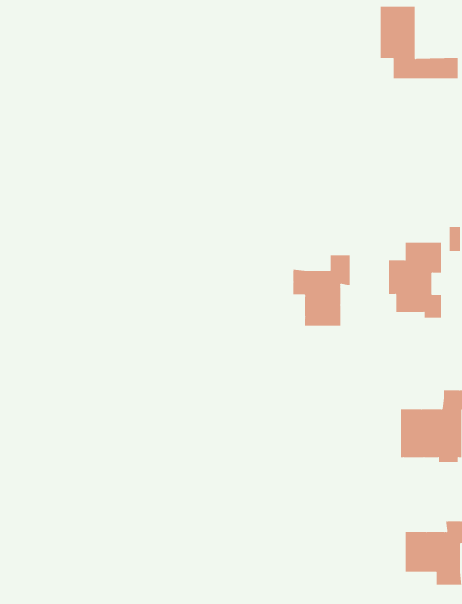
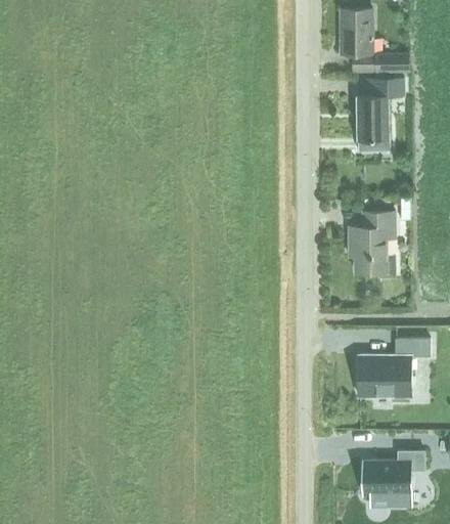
building: none -> [356,79,403,151]
building: [293,255,350,326] -> none

